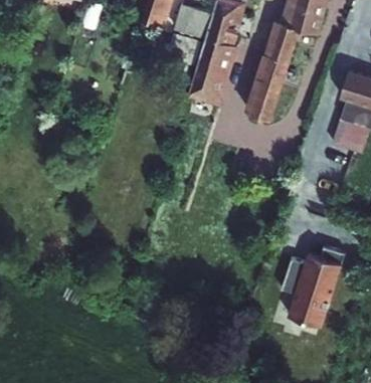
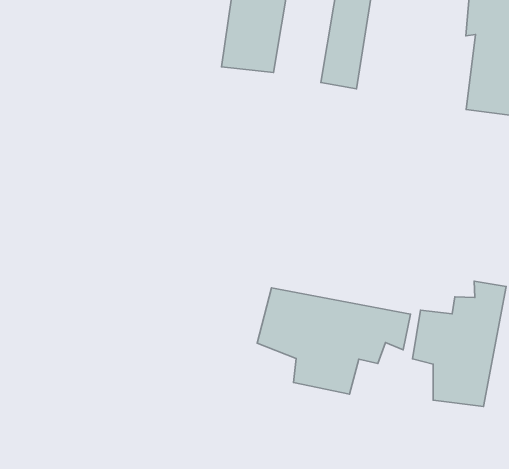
building: none -> [257,288,411,394]

